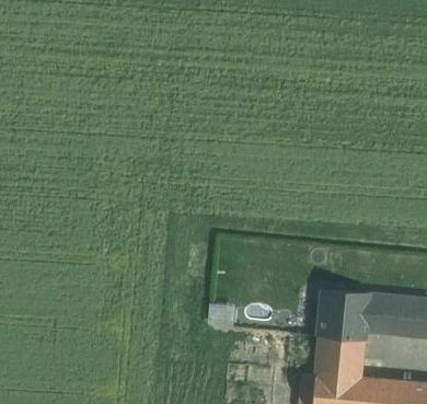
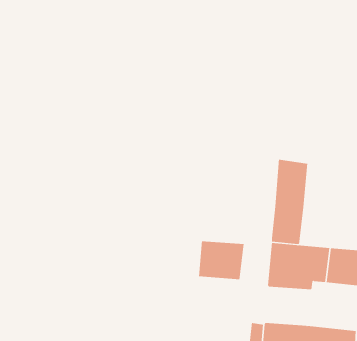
building: none -> [271,159,308,245]
building: [315,337,363,378] -> [198,241,244,280]

